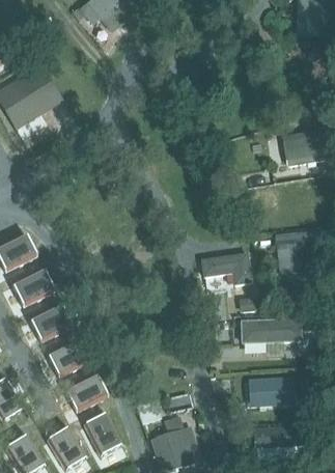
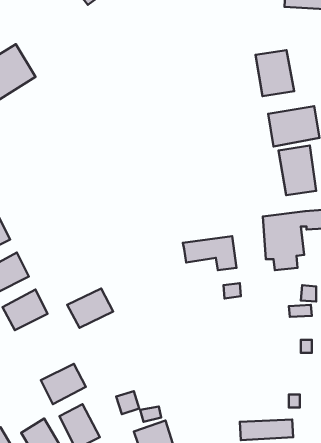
building: none -> [256,50,294,96]
building: none -> [279,145,316,195]
building: [242,318,301,341] -> none
building: [48,339,91,377] -> [67,289,113,328]
building: [247,377,284,406] -> none

